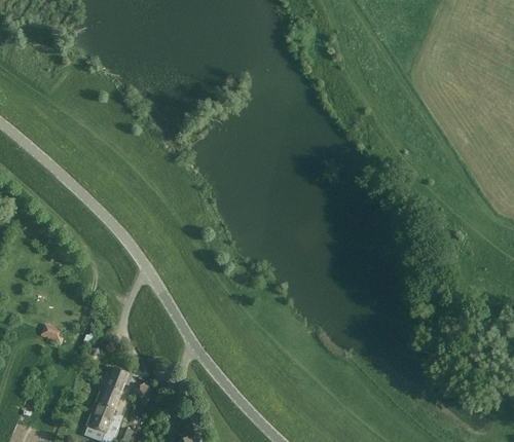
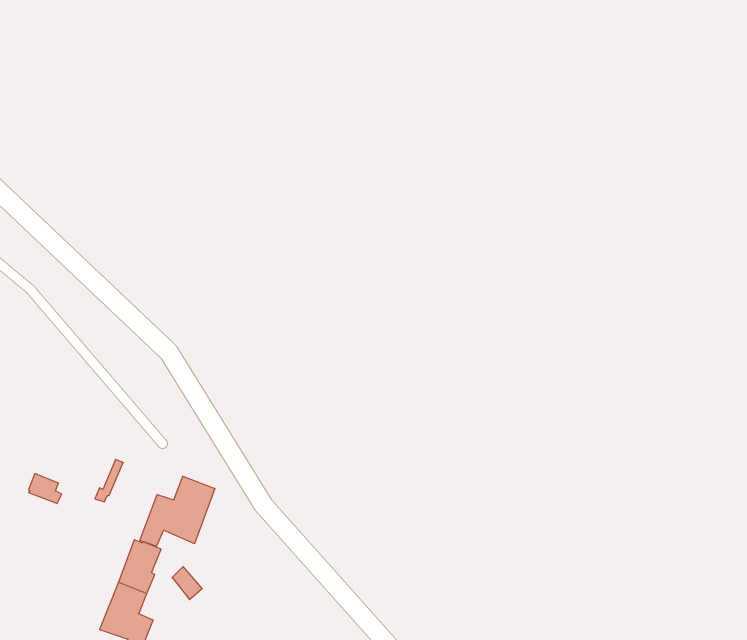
building: none -> [140,476,215,546]

